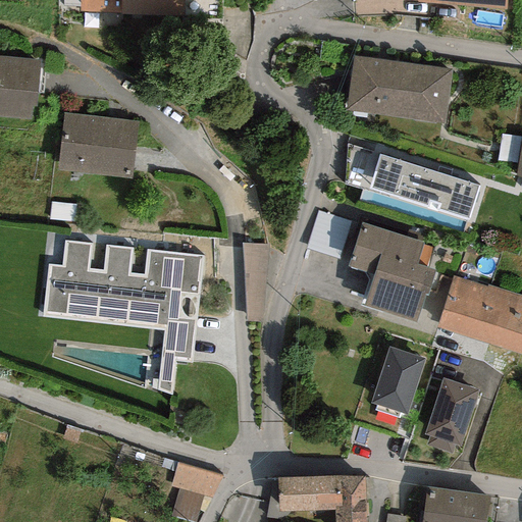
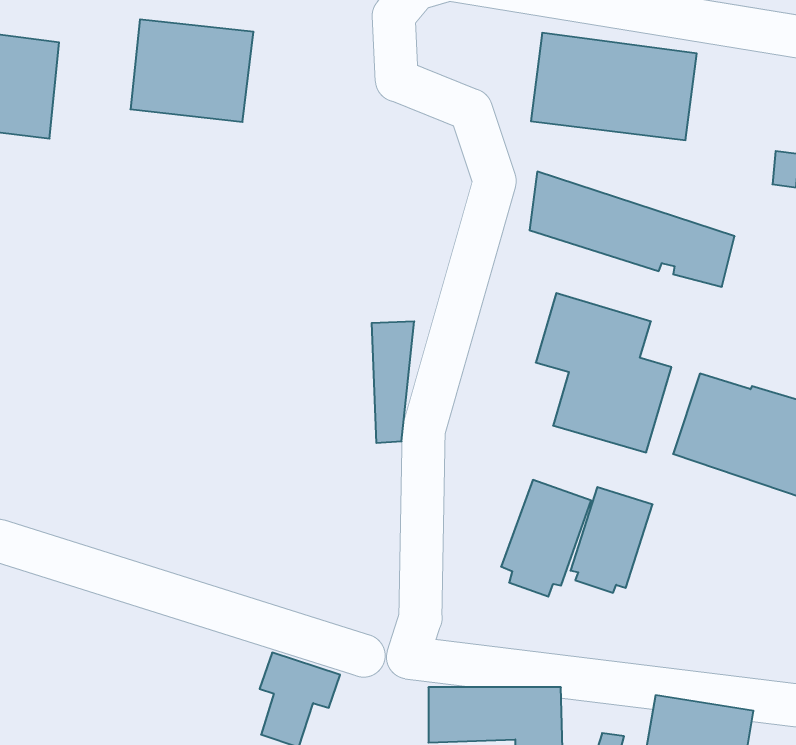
building: [57,112,137,178] -> [130,19,254,122]
building: [310,204,350,250] -> none
building: [41,237,205,395] -> none
building: [422,377,480,453] -> [501,480,591,597]

